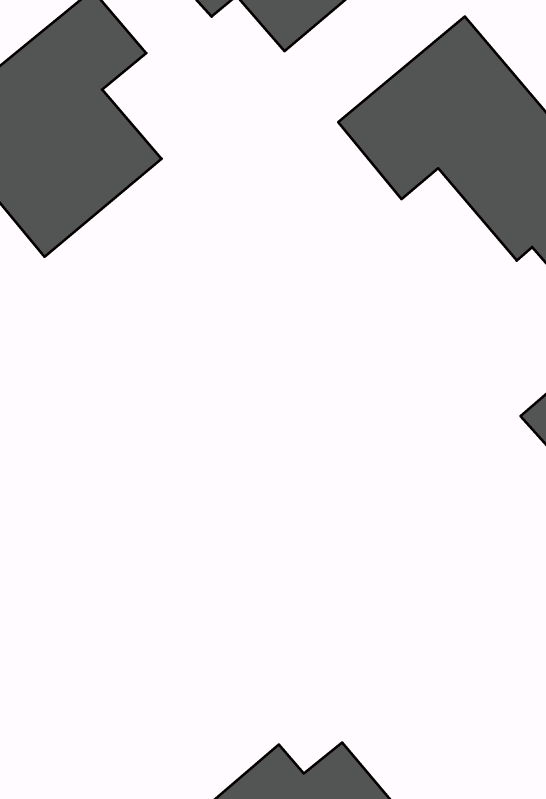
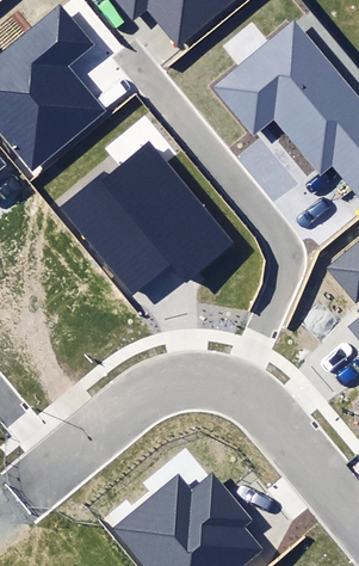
building: none -> [57,143,233,291]

